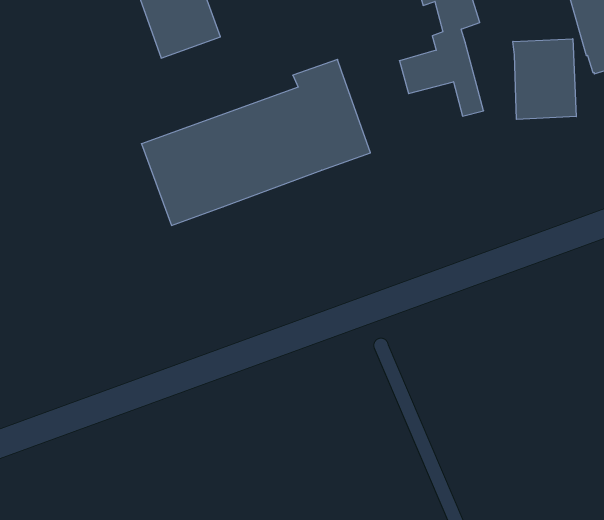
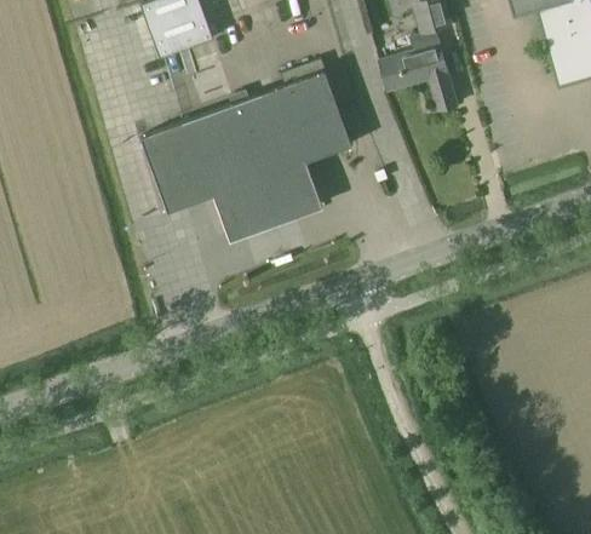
building: [513,39,576,119] -> none
building: none -> [216,163,323,242]

